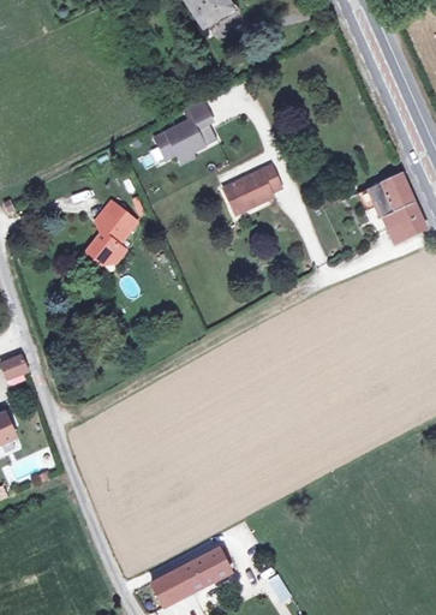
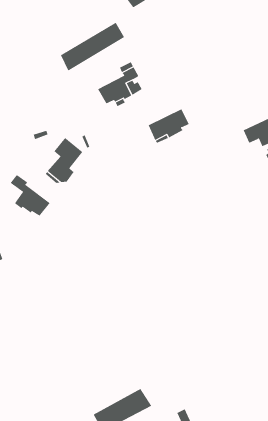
building: none -> [60,22,125,72]
building: none -> [10,174,51,216]

